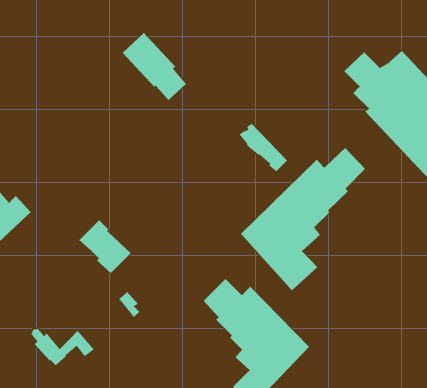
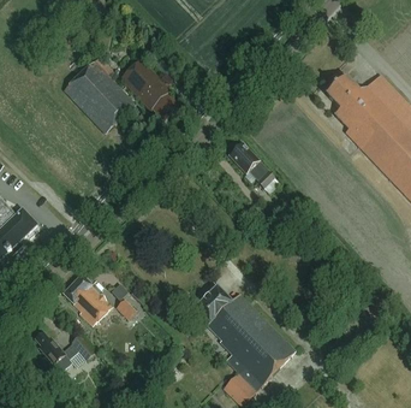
building: none -> [64,60,135,134]
building: [240,147,366,291] -> none
building: [78,219,131,274] -> [62,274,112,325]

